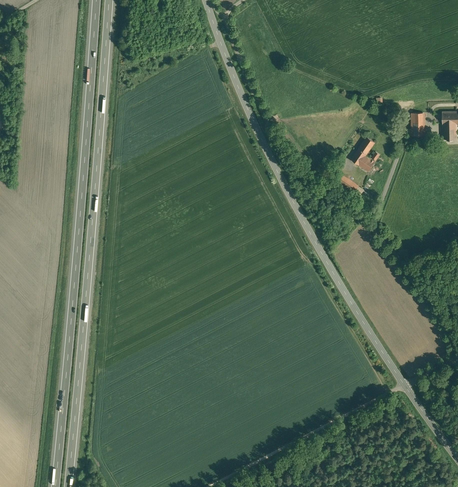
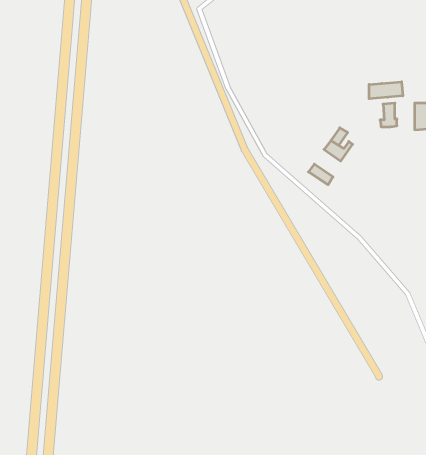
building: none -> [369,82,403,99]

